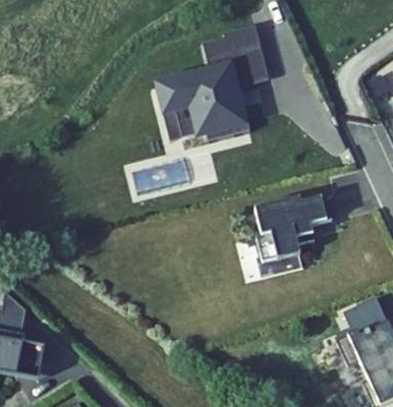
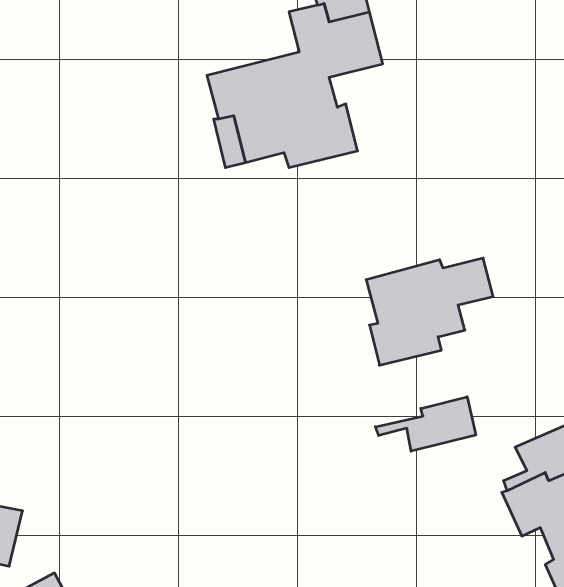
building: none -> [375,397,476,451]

